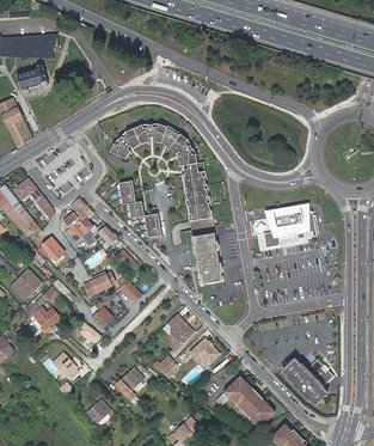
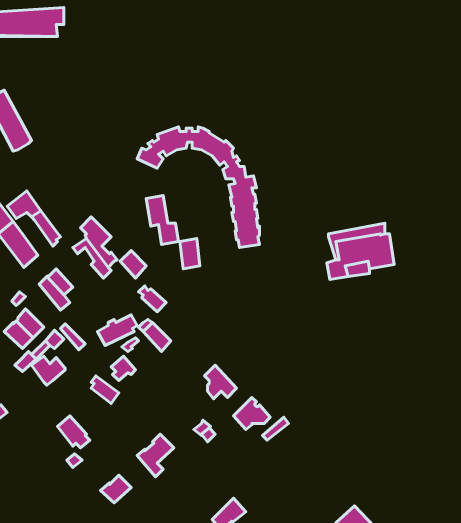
building: [16,65,48,93] -> none
building: [196,234,221,282] -> none
building: [282,359,332,404] -> none
building: [222,375,275,427] -> none

